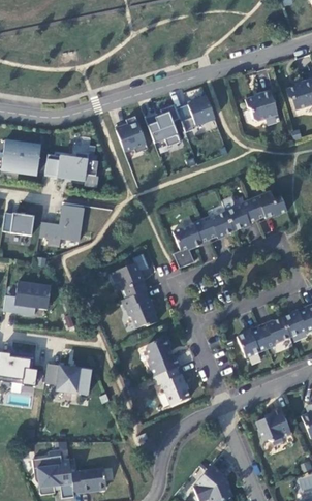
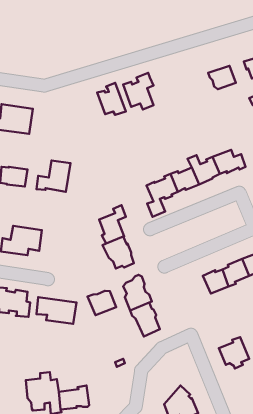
building: [176,94,215,131] -> none
building: [44,151,97,181] -> none
building: none -> [88,291,116,315]

